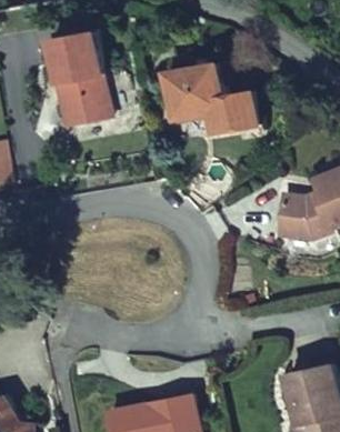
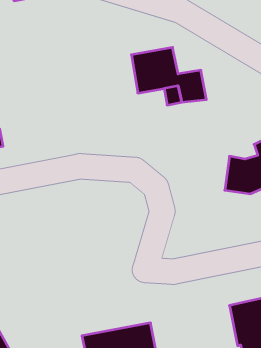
building: [48,31,111,124] -> none

